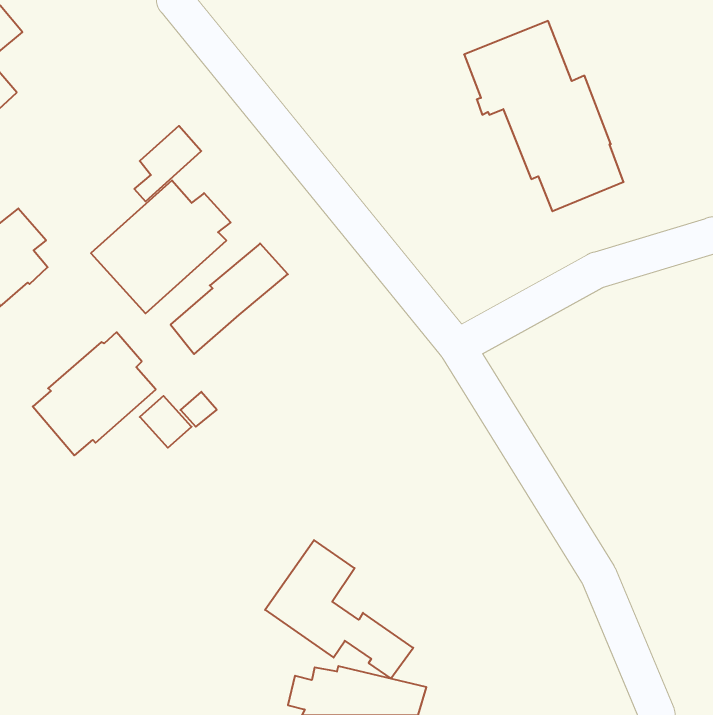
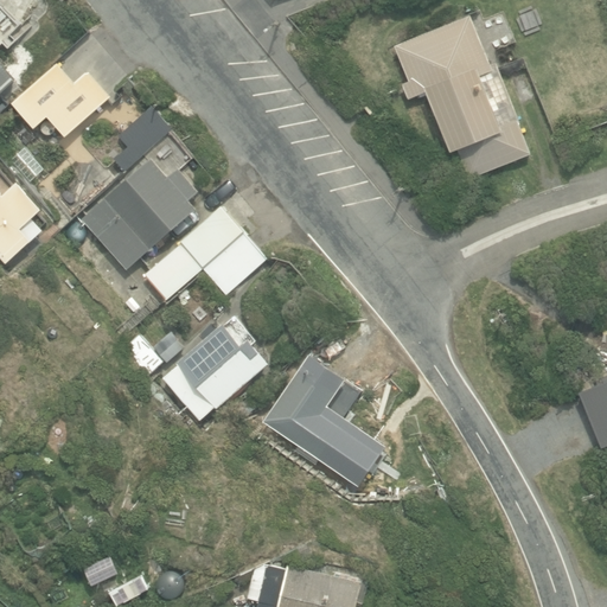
building: none -> [12,64,110,136]
building: none -> [203,232,268,295]
building: [33,332,156,455] -> [164,315,268,420]
building: [265,540,413,679] -> [263,363,389,480]

